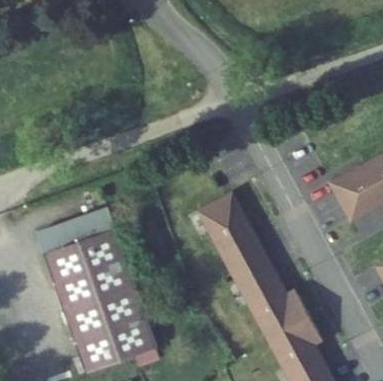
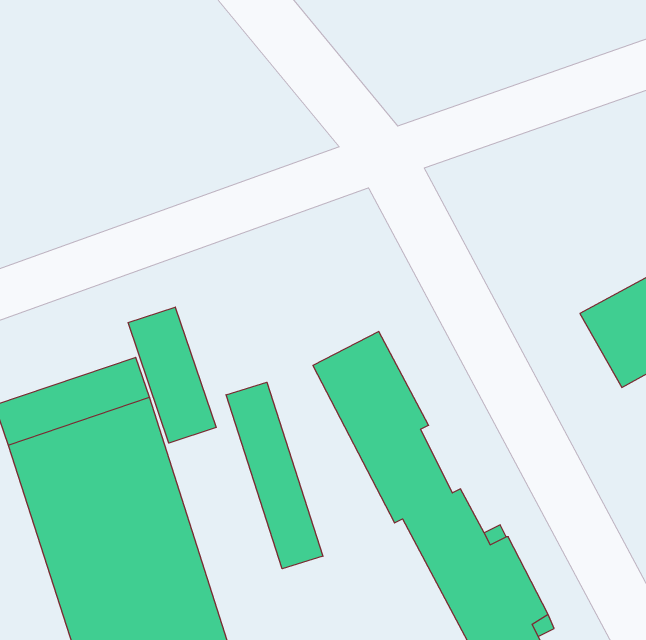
building: none -> [128,307,216,443]
building: none -> [226,382,323,569]

